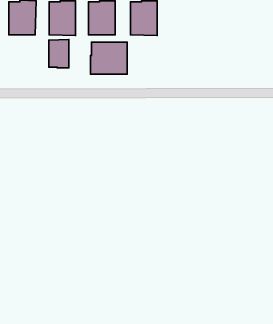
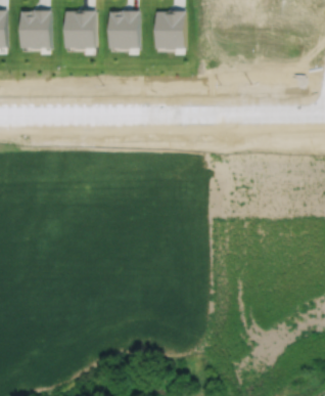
building: [49,40,69,68] -> none
building: [91,42,127,74] -> none

